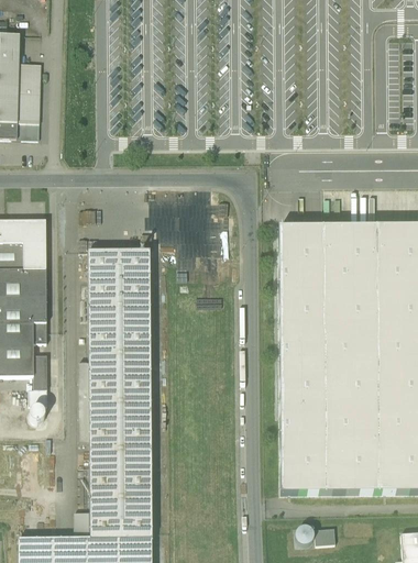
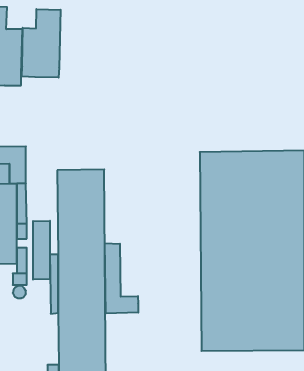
building: none -> [22,9,61,78]
building: none -> [33,221,50,280]
building: none -> [105,243,138,314]

